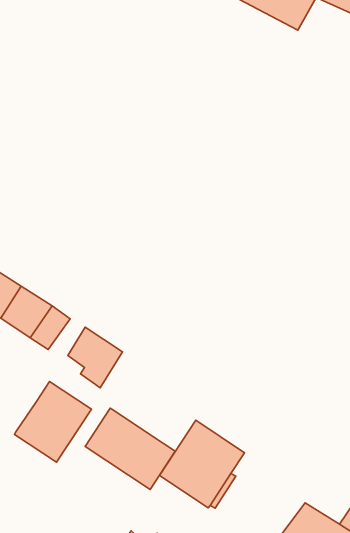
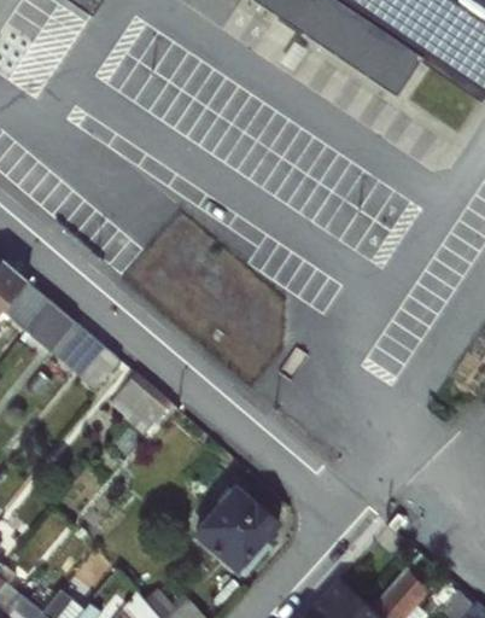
building: [14,382,92,462] -> none
building: [85,408,175,490] -> none

